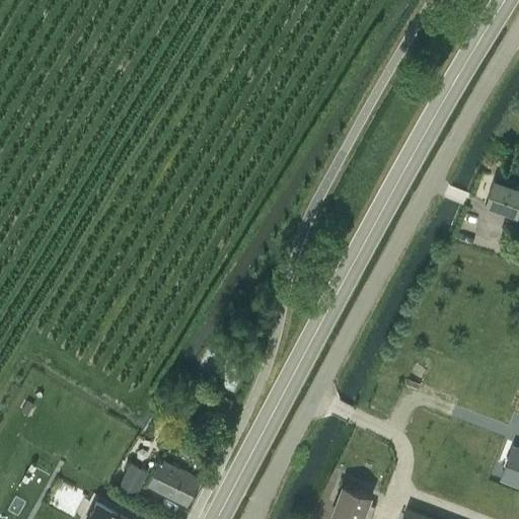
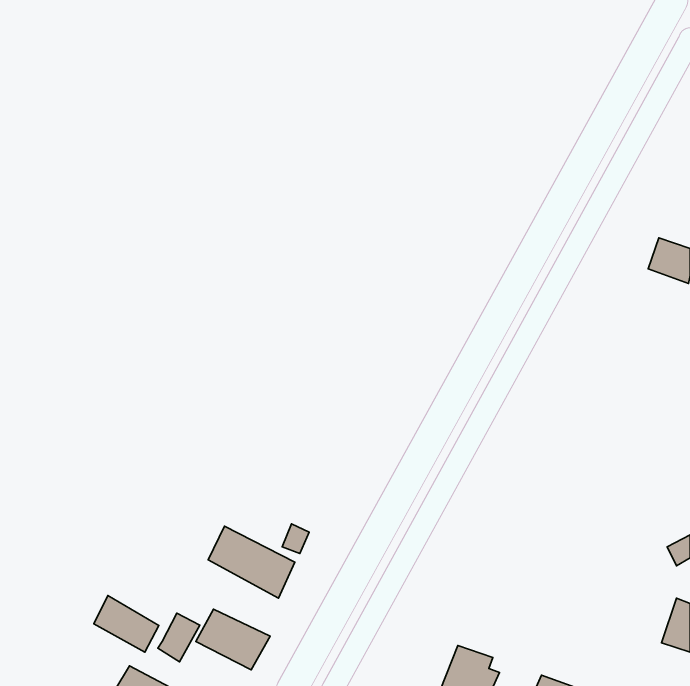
building: none -> [208,526,295,598]
building: none -> [94,596,159,652]

